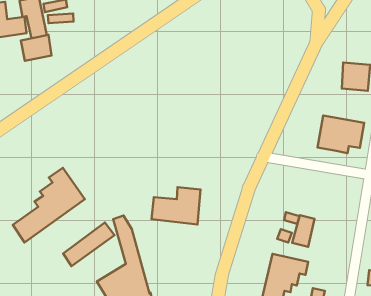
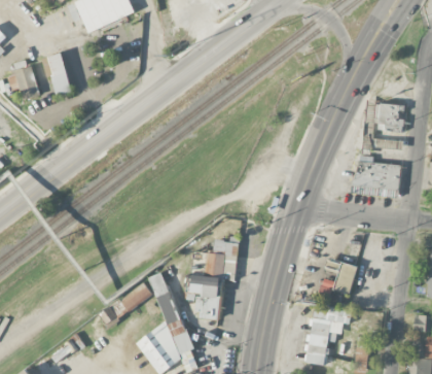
building: [21,35,52,61] -> none
building: [13,168,85,242] -> none
building: none -> [184,275,220,319]

